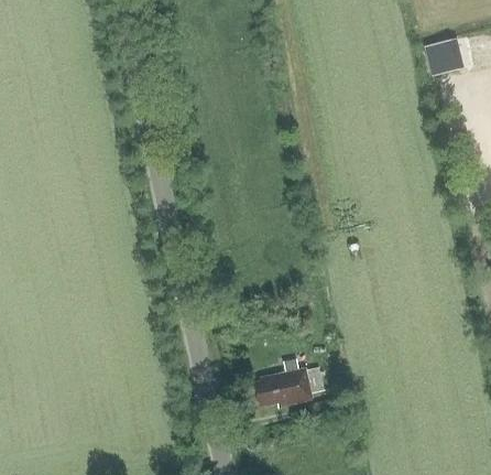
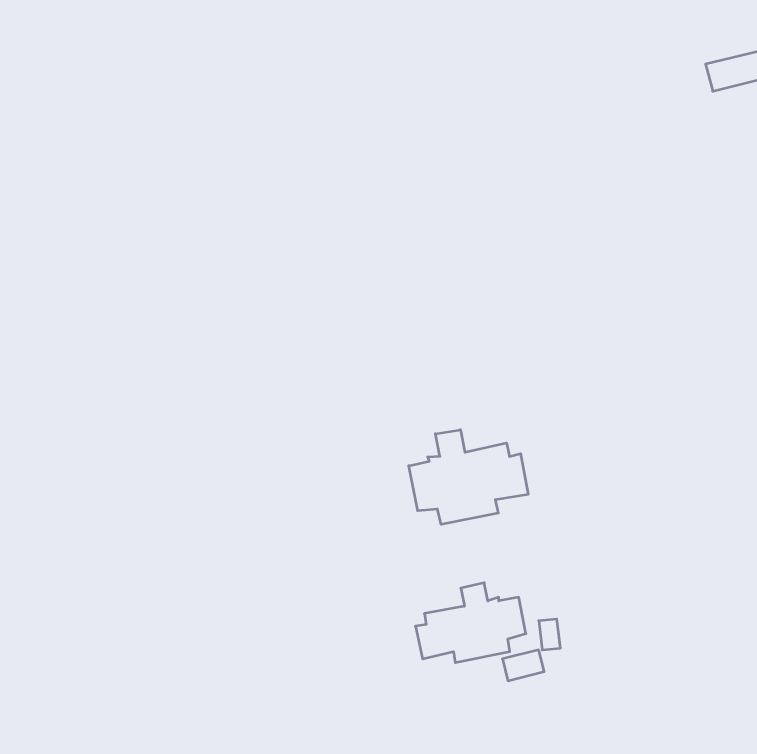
building: none -> [409,430,528,524]

